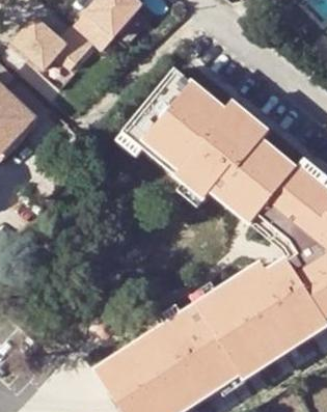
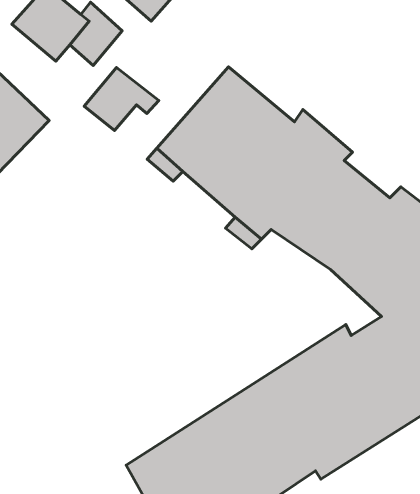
building: none -> [84,68,159,131]

